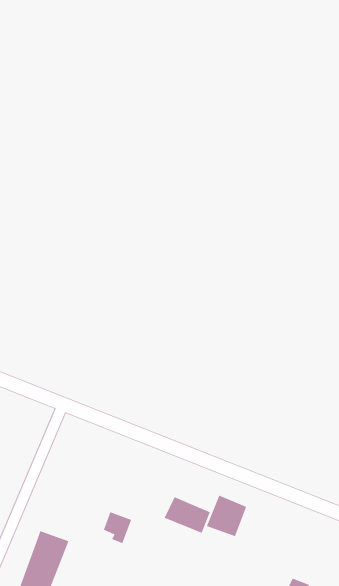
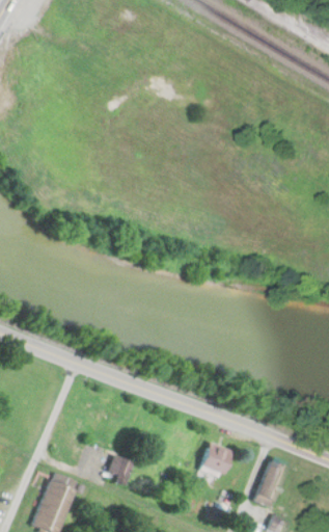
building: [163,496,211,534] -> none
building: none -> [253,459,289,508]

